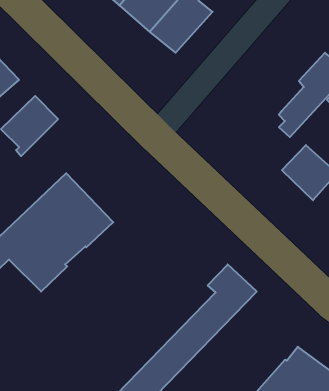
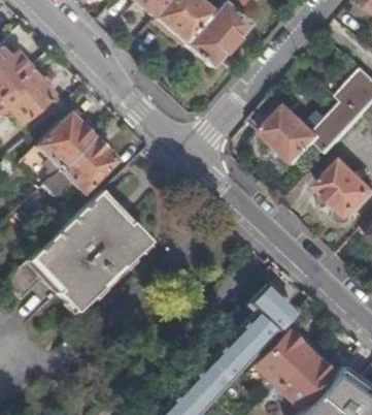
building: none -> [248,89,323,164]
building: none -> [39,134,114,196]
building: none -> [251,331,326,406]

